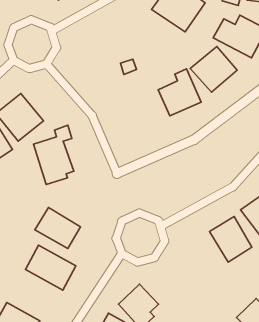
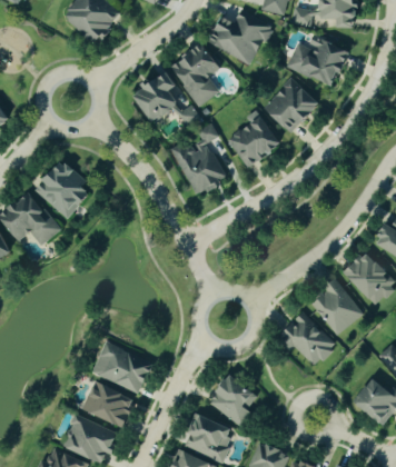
building: none -> [170,43,220,107]
building: none -> [133,72,186,122]
building: [33,125,74,185] -> [172,122,225,197]
building: [35,208,81,249] -> [81,380,136,427]
building: none -> [280,312,335,368]

